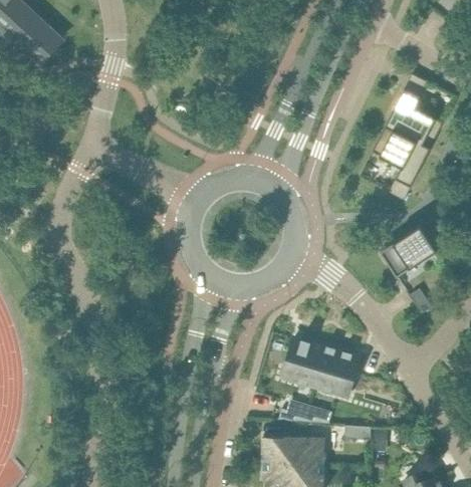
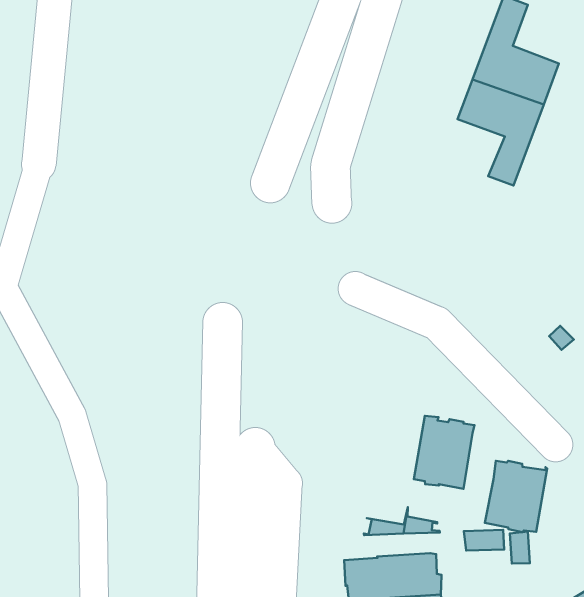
building: [381,224,437,276] -> none
building: [282,336,327,387] -> [485,461,547,532]

